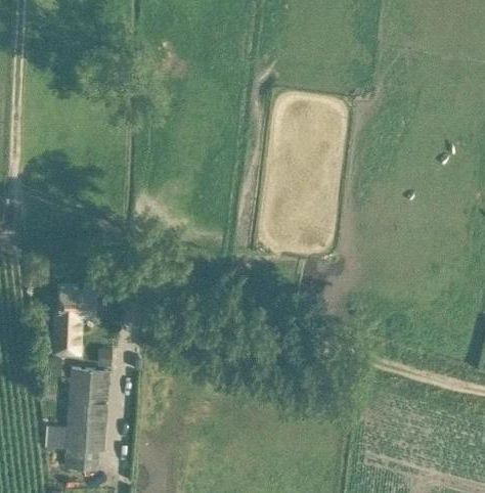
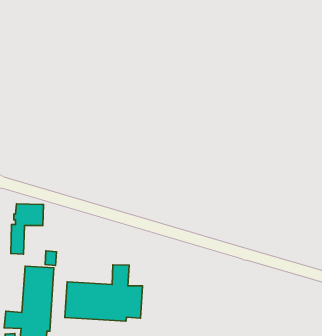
building: none -> [65,265,142,321]

